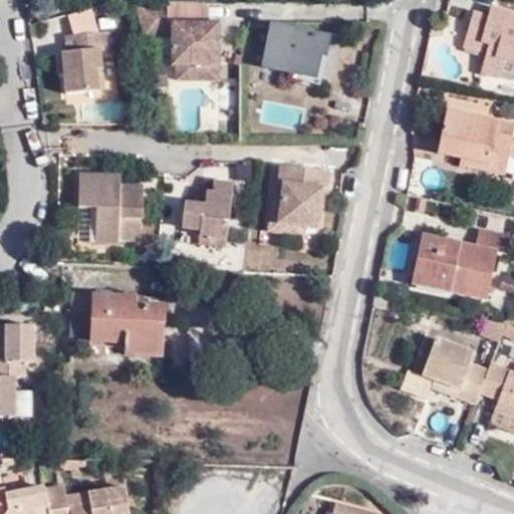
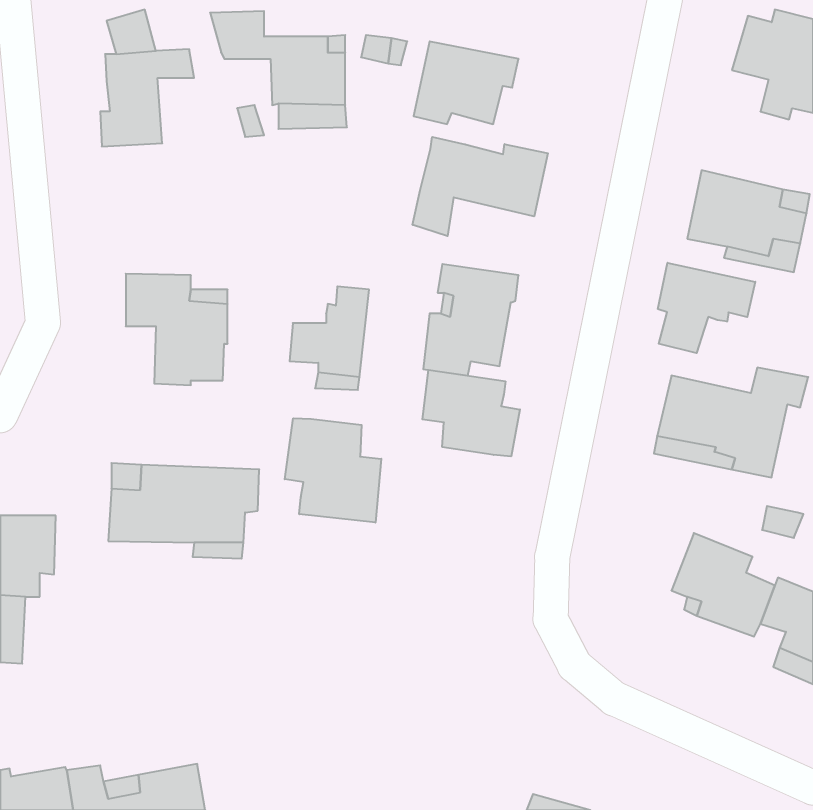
building: none -> [413,137,548,236]
building: none -> [658,263,755,353]
building: none -> [422,370,520,456]
building: none -> [285,418,381,523]

